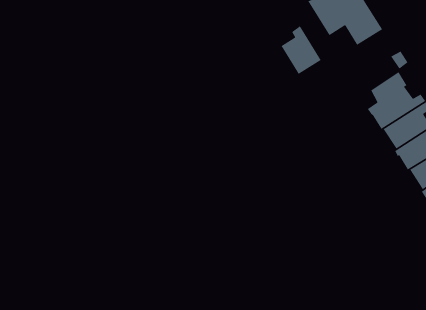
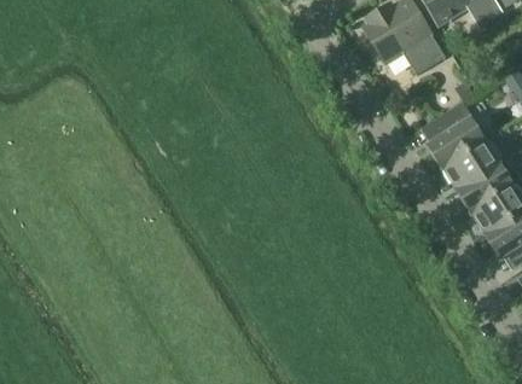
building: [281,25,323,76] -> none

